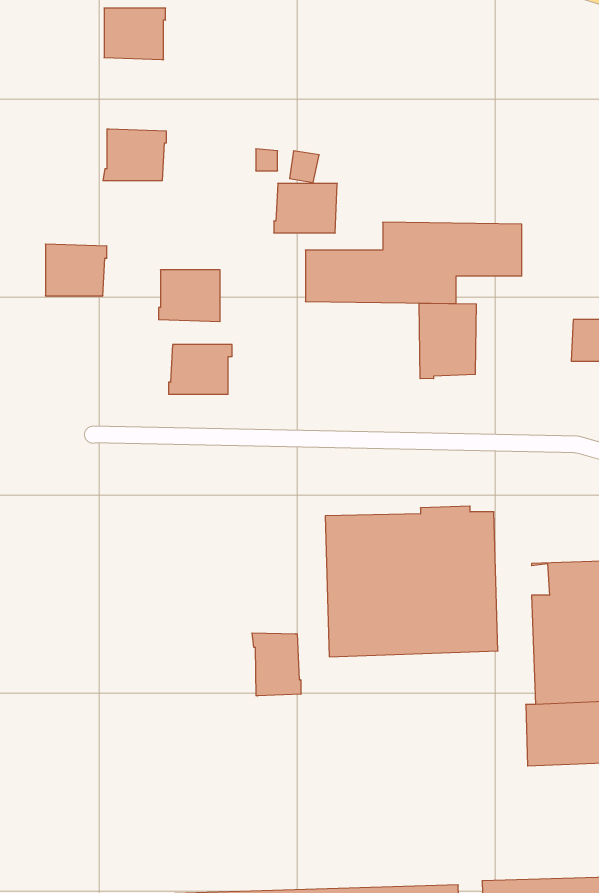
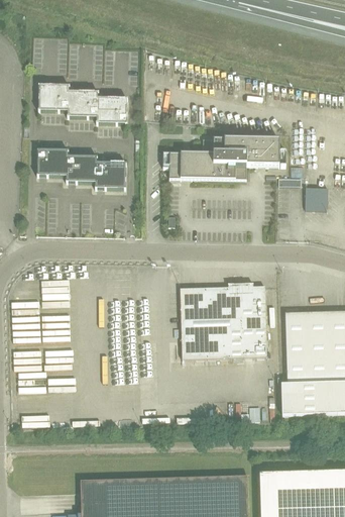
building: [104,8,166,60] -> [38,85,70,111]
building: [274,183,337,233] -> [96,98,128,123]
building: [419,303,476,379] -> none
building: [169,345,232,394] -> [66,157,98,182]
building: [252,633,301,696] -> none

